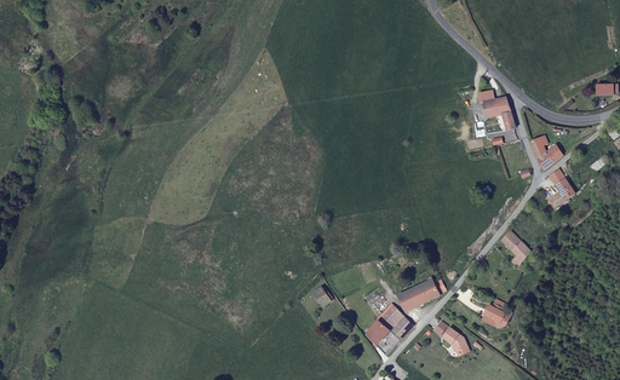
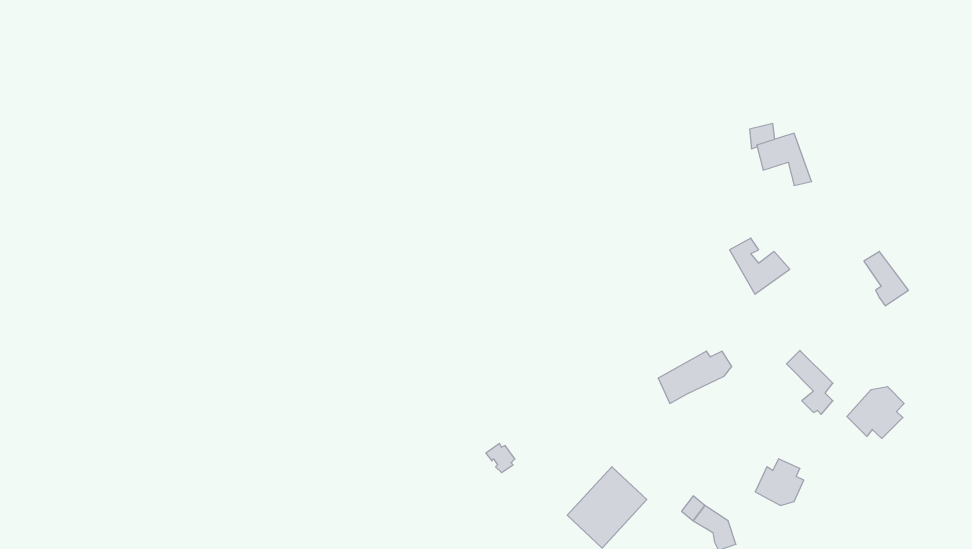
building: [528,134,566,169] -> [730,238,790,294]
building: none -> [847,387,904,438]
building: [397,278,443,311] -> [658,351,732,403]

